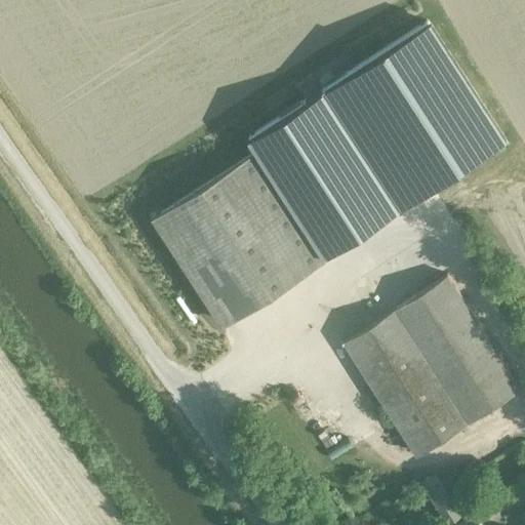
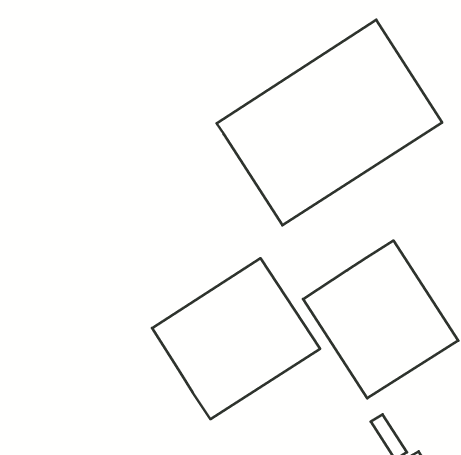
building: [154,159,321,327] -> none
building: none -> [152,258,320,419]

